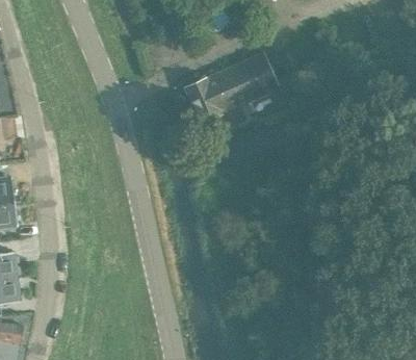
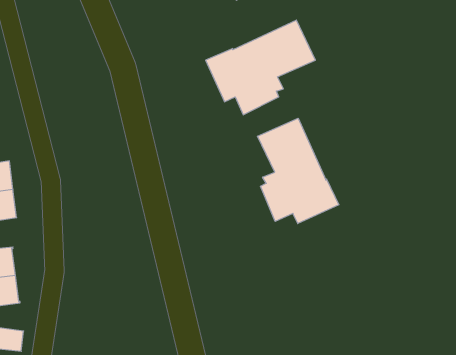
building: none -> [258,118,339,224]

